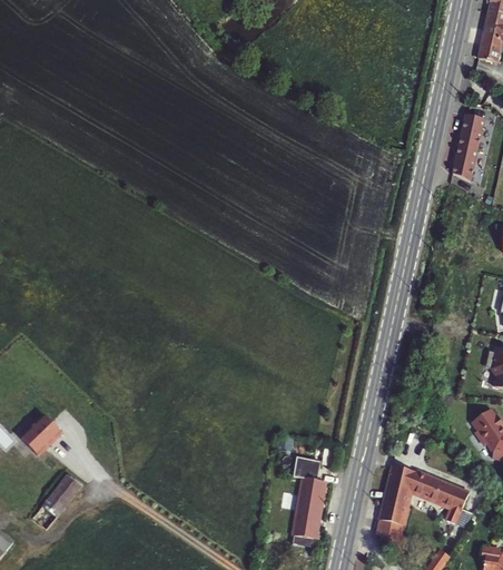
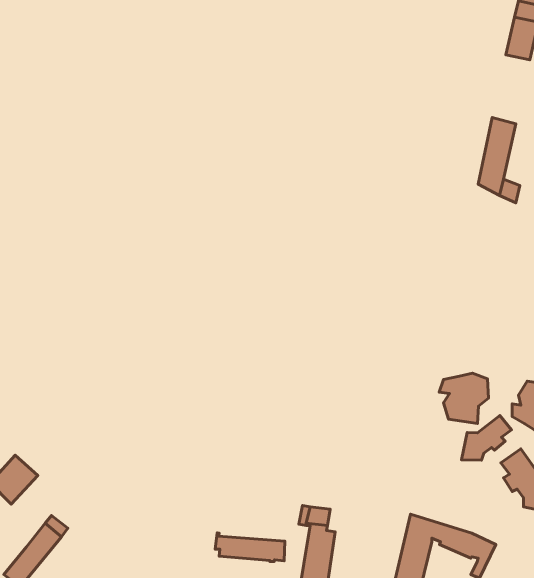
building: none -> [439,373,489,424]
building: none -> [462,416,511,460]
building: none -> [215,533,285,562]

